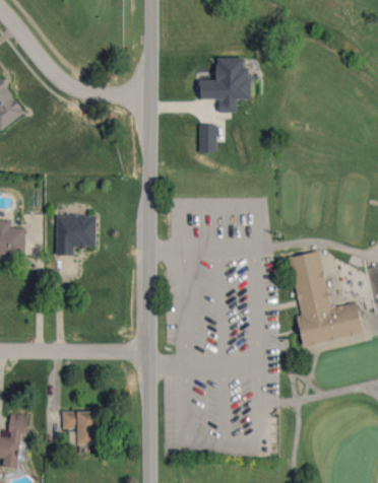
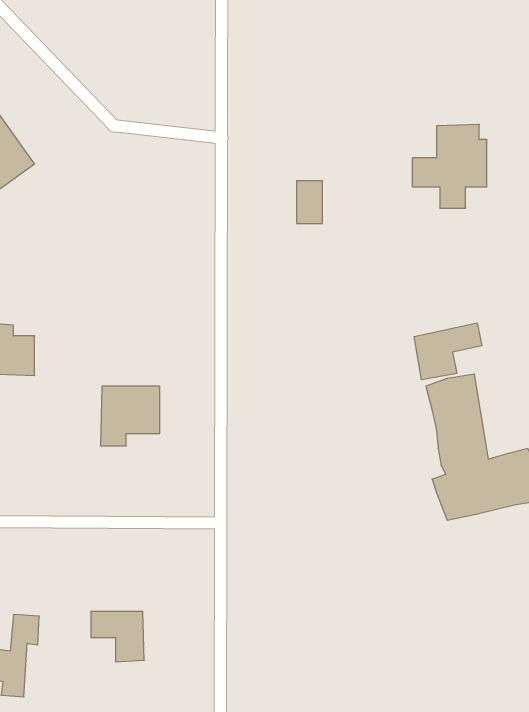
building: [200,56,250,112] -> [412,124,487,208]
building: [56,214,96,254] -> [100,386,160,446]
building: none -> [414,323,482,380]

